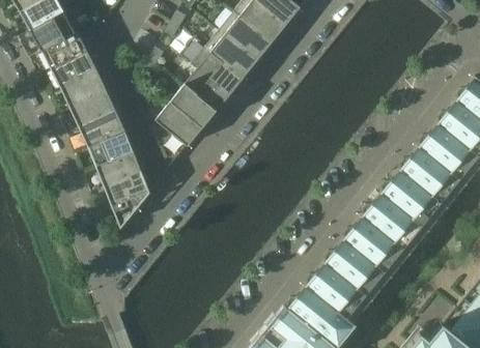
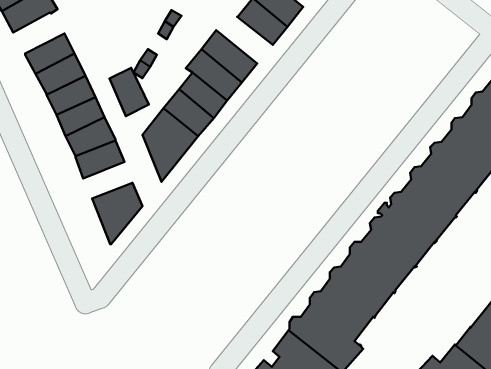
building: [220,11,273,60] -> none
building: [31,12,79,51] -> none
building: none -> [109,68,149,116]
building: [96,151,142,185] -> none

